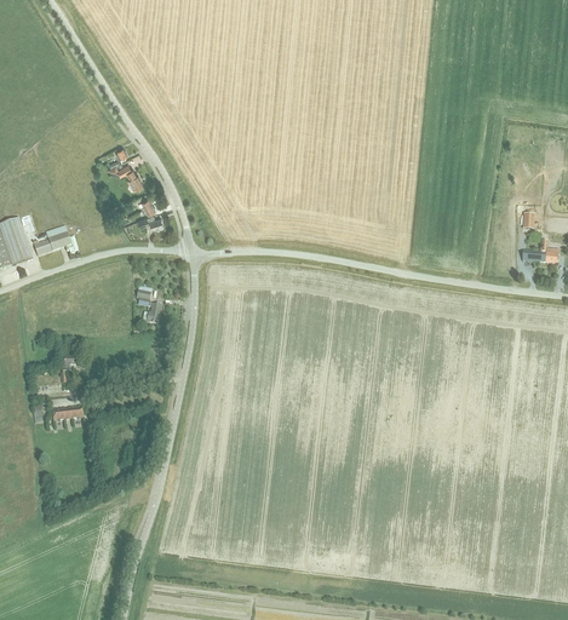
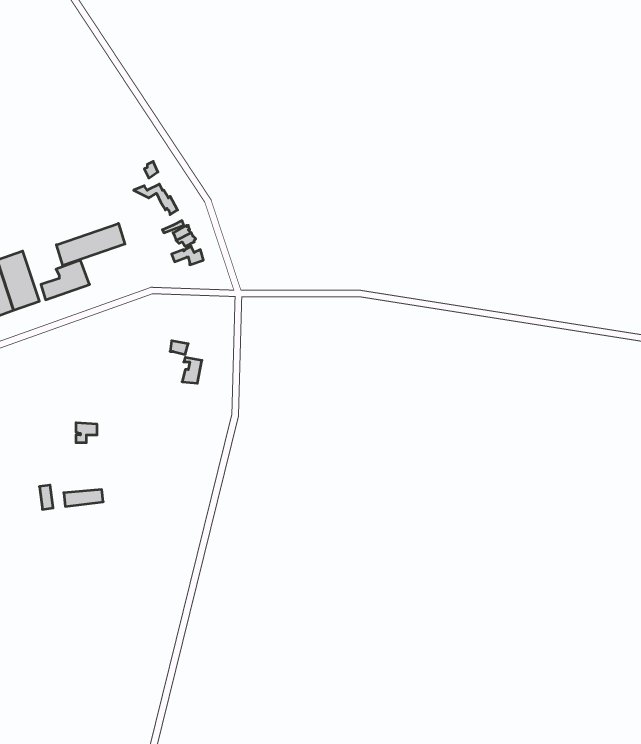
building: none -> [56,223,125,265]

